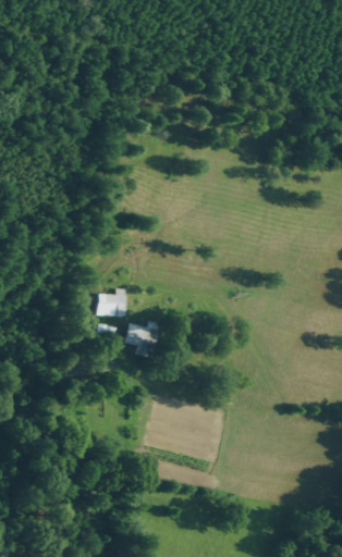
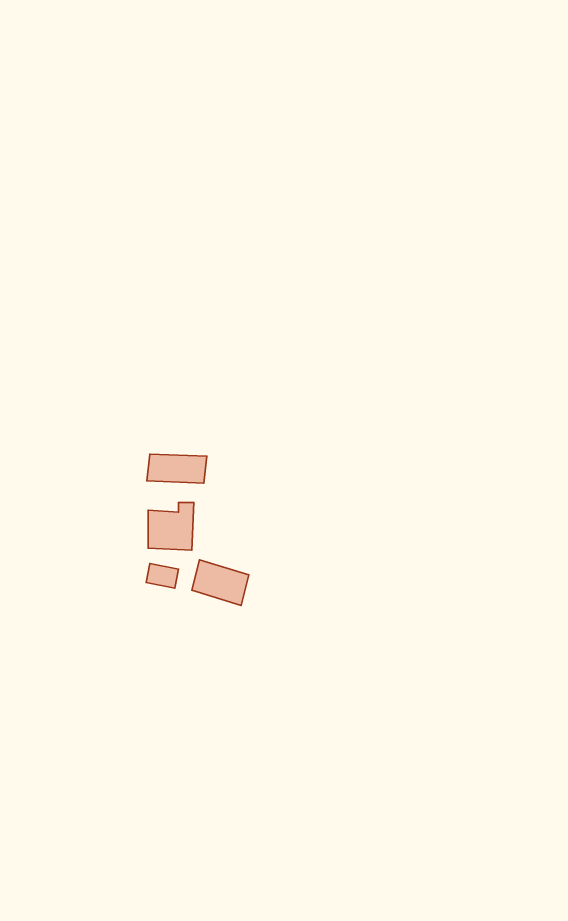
building: none -> [147,454,207,483]

